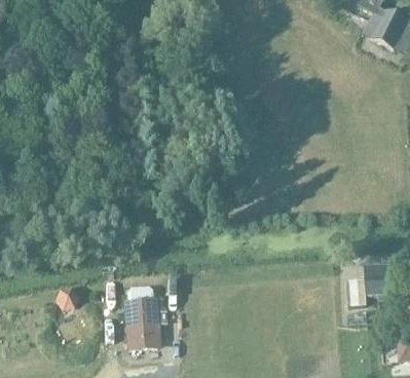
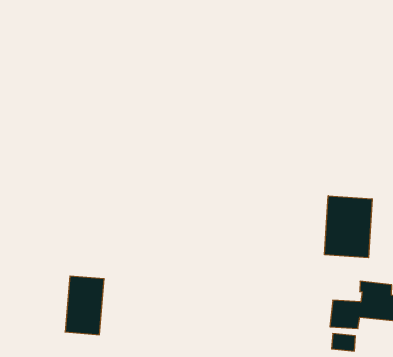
building: none -> [325,196,372,258]

